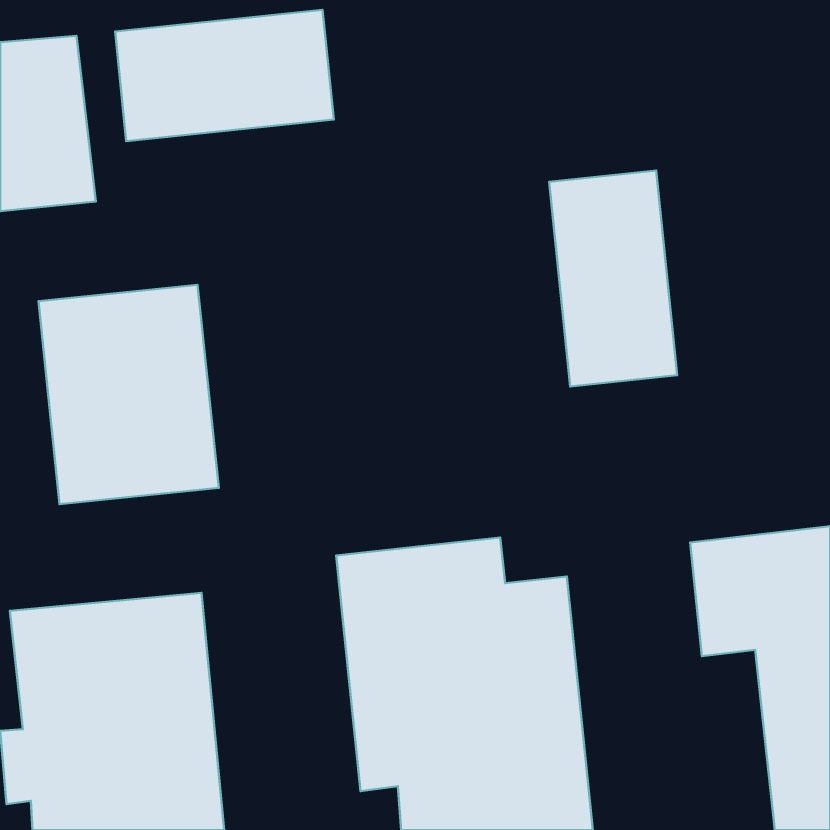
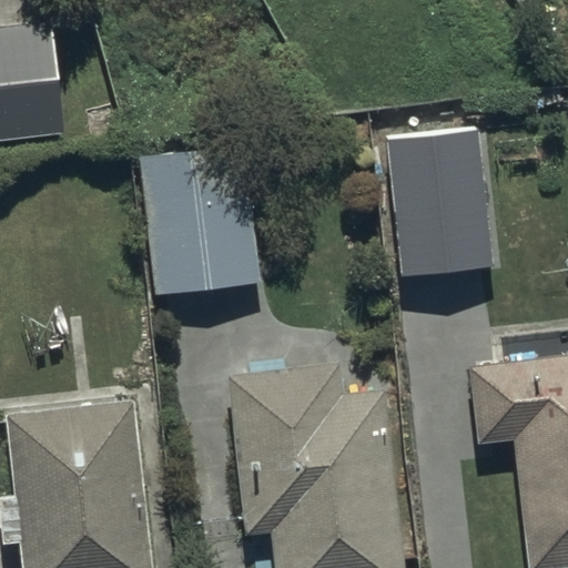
building: [115,10,334,141] -> none
building: [38,285,219,504] -> [140,149,263,298]

